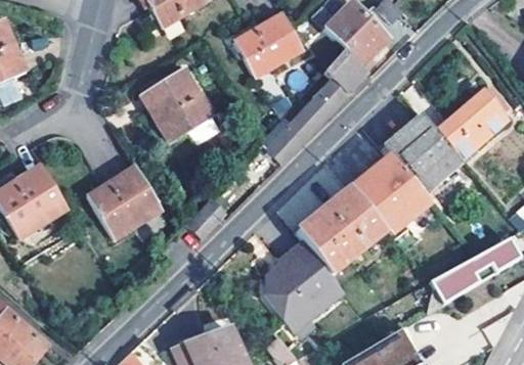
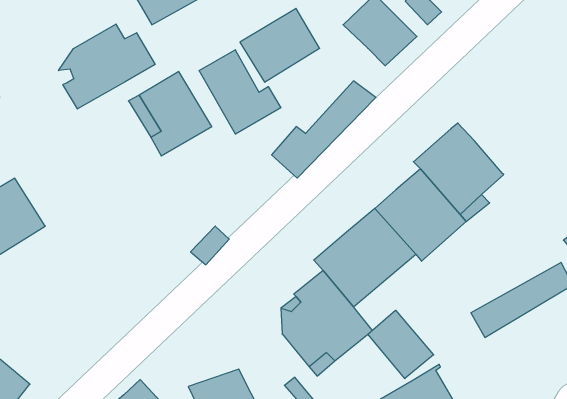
building: none -> [59,24,155,109]
building: [322,48,367,91] -> none
building: none -> [199,50,281,134]
building: [437,86,508,157] -> none
building: [85,163,158,235] -> none
building: none -> [368,310,434,379]

